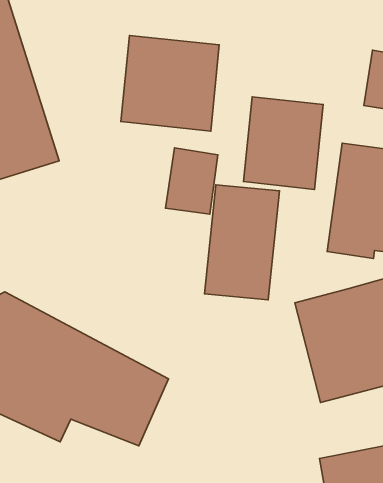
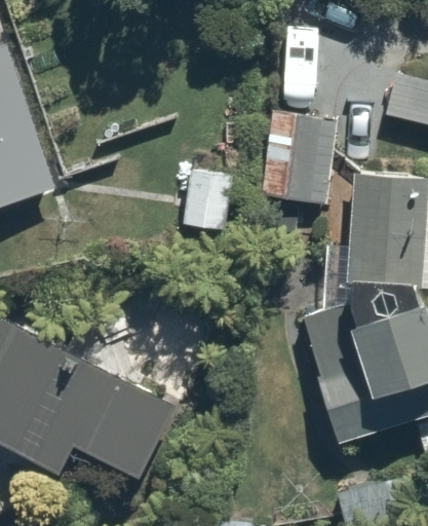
building: [121,36,219,131] -> none
building: [205,185,279,300] -> none

